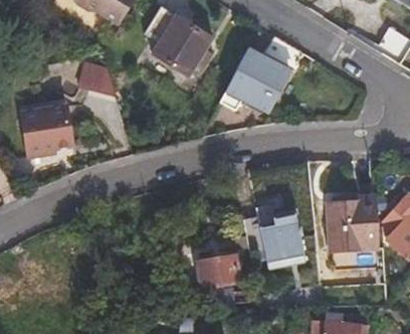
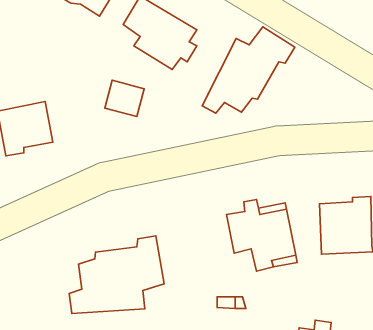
building: [80,57,118,92] -> [105,80,144,117]
building: none -> [69,236,164,314]
building: [195,257,237,286] -> none

